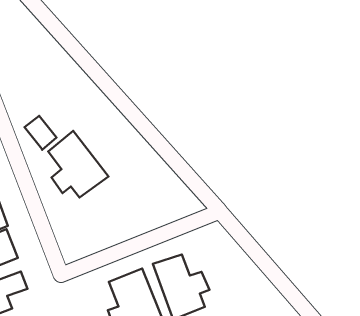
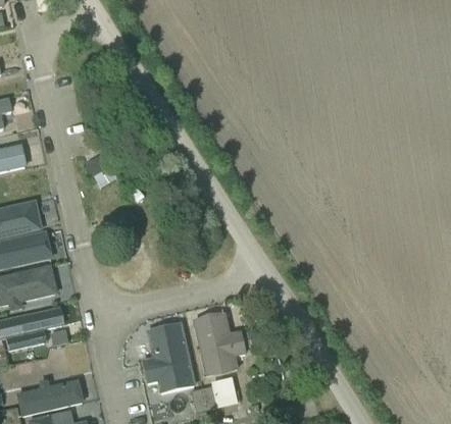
building: [48,131,109,198] -> none

